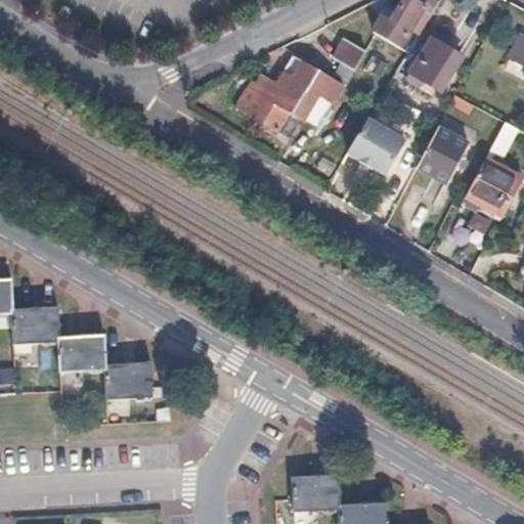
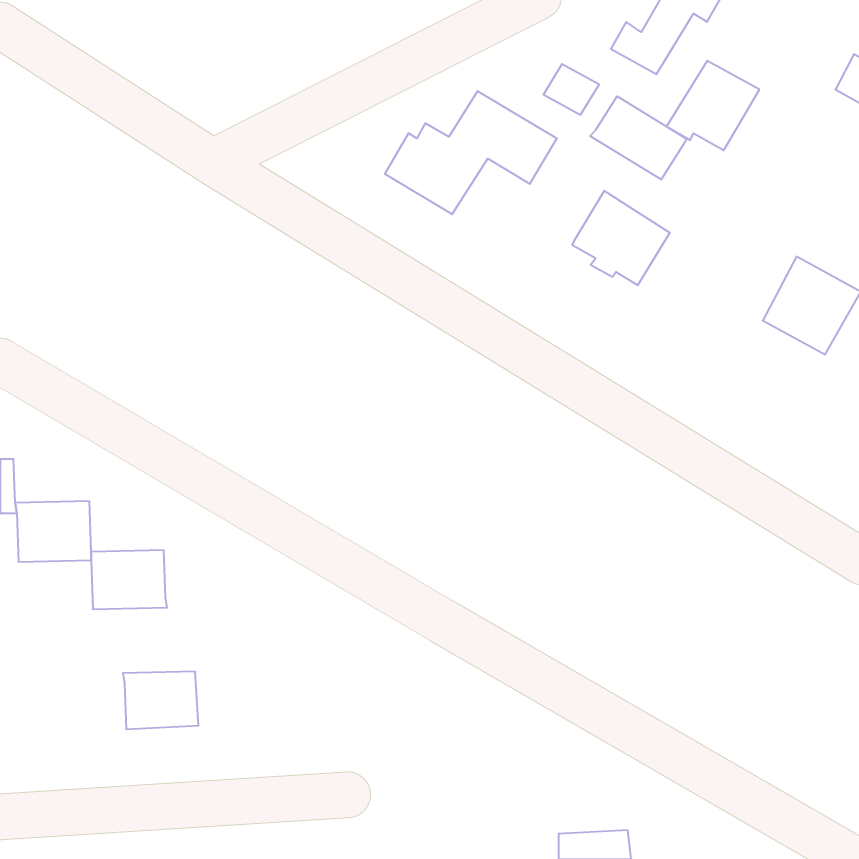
building: none -> [590,96,687,180]
building: [419,125,472,181] -> none
building: [102,361,148,396] -> [123,672,199,729]
building: [292,477,341,514] -> none

